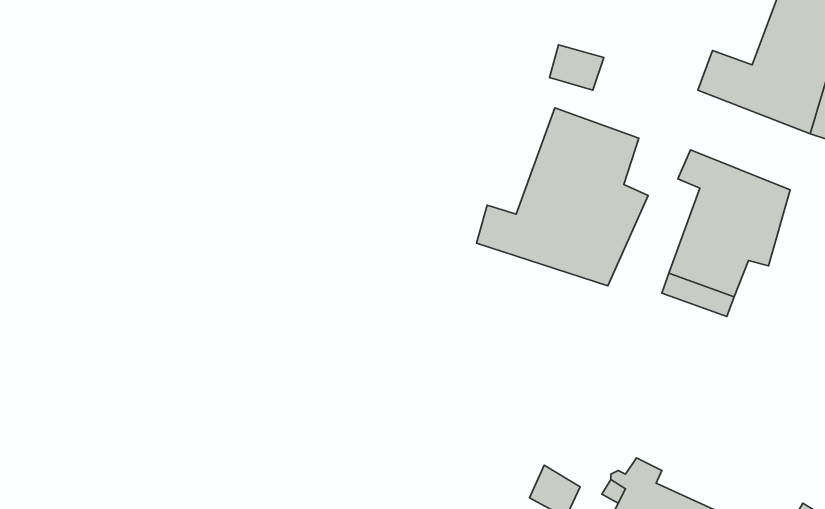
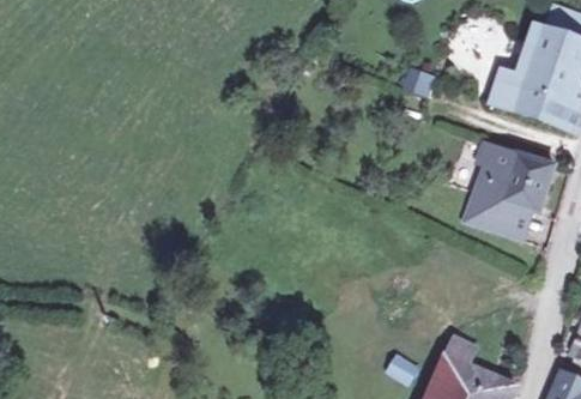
building: [476,108,648,286] -> none

